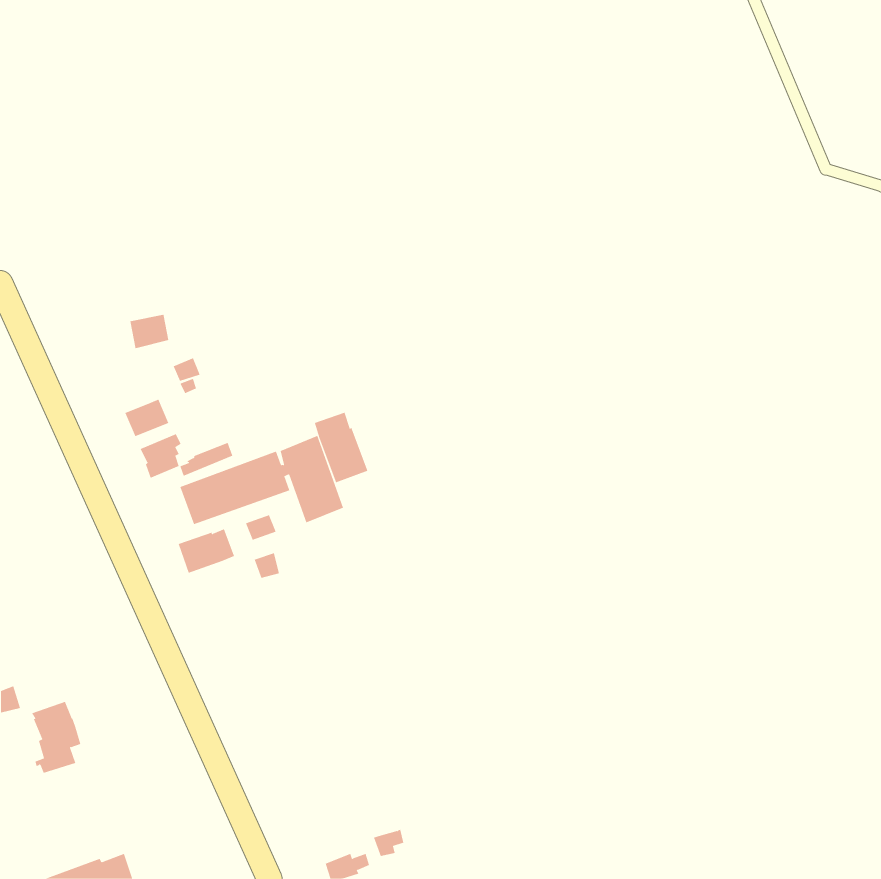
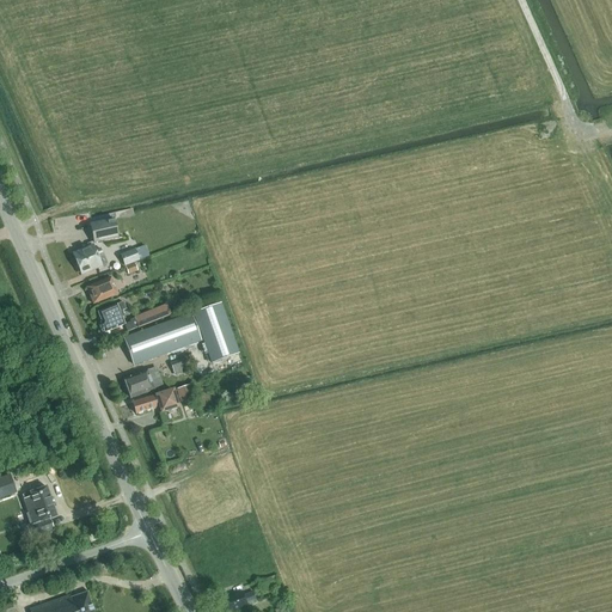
building: none -> [73,243,103,274]
building: [314,412,368,483] -> none
building: none -> [133,388,179,412]

